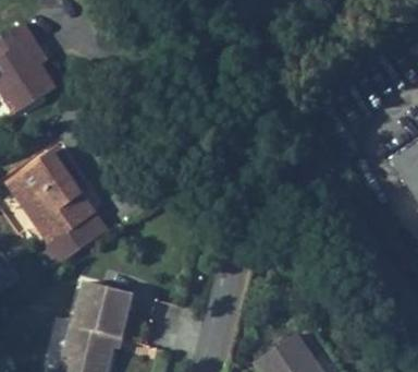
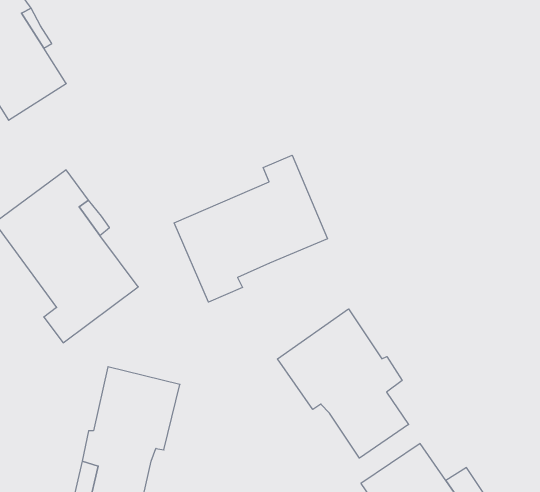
building: none -> [174,155,327,302]
building: none -> [277,309,409,458]

